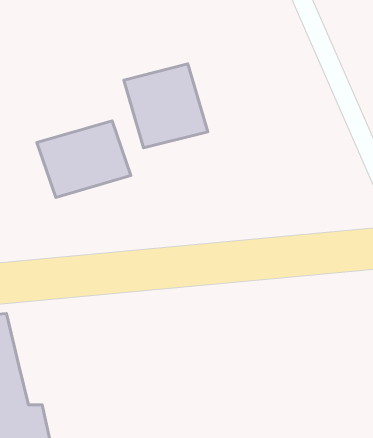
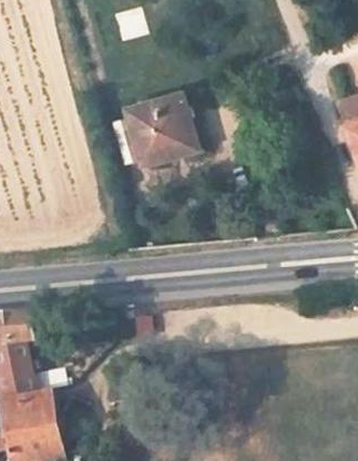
building: [37,121,131,197] -> none

